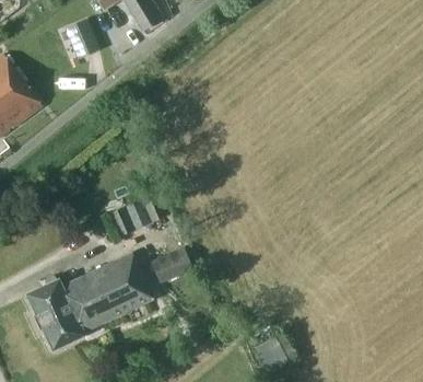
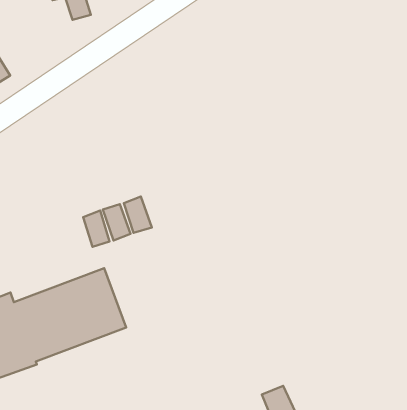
building: [150,246,193,283] -> none

